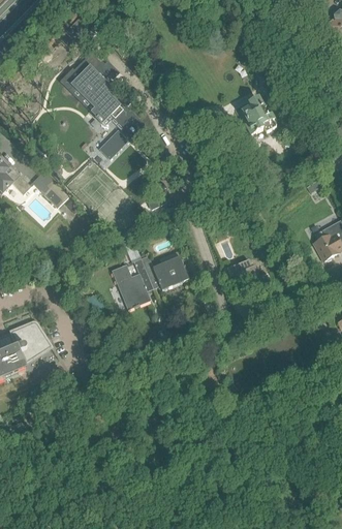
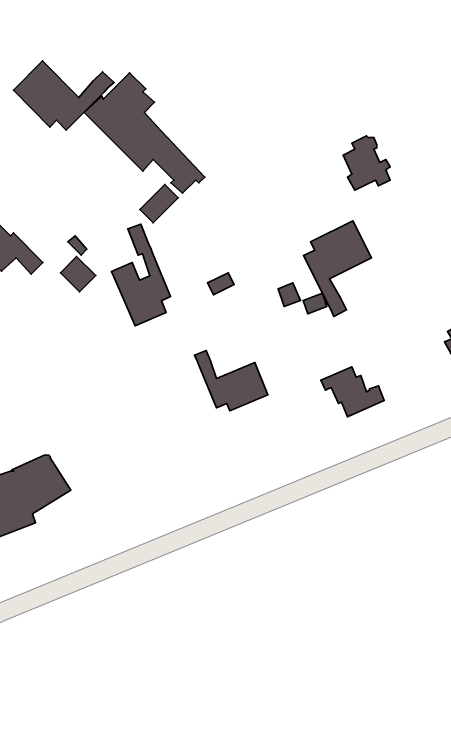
building: none -> [13,61,114,130]
building: none -> [303,221,372,317]
building: [112,237,153,308] -> [112,224,170,326]

